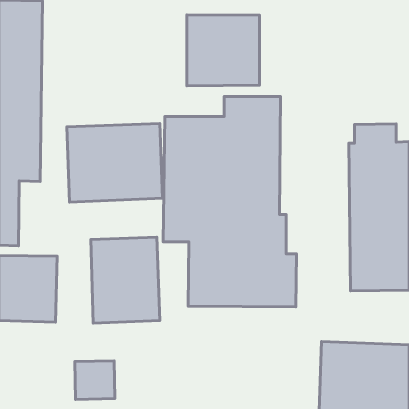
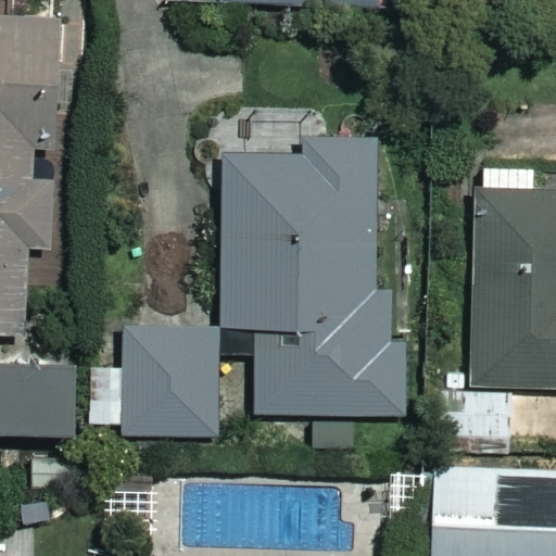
building: [187,15,260,86] -> none
building: [67,124,162,202] -> none

